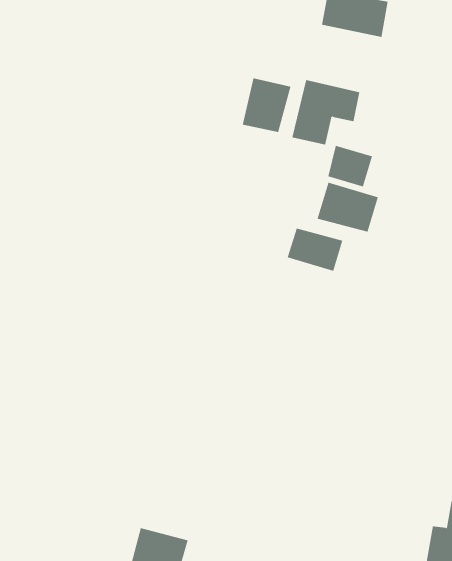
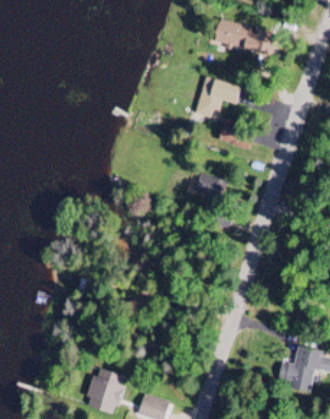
building: [242,78,291,133] -> none
building: [317,182,379,233] -> none

